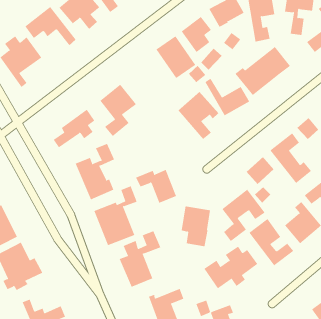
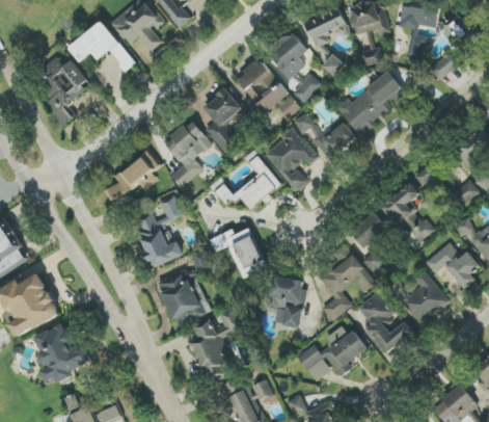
building: none -> [202,87,243,158]
building: none -> [214,156,281,209]

